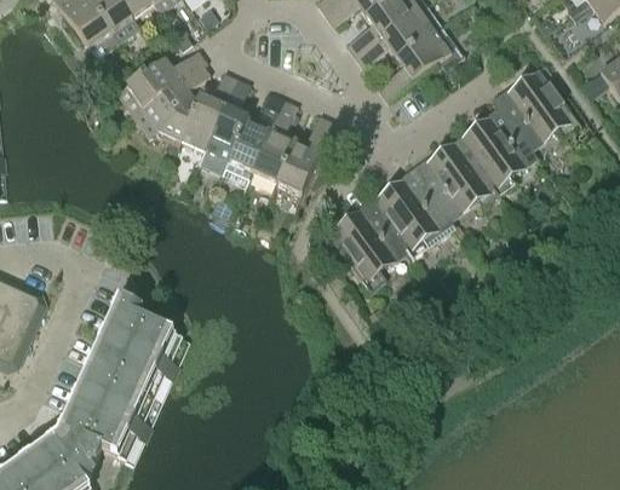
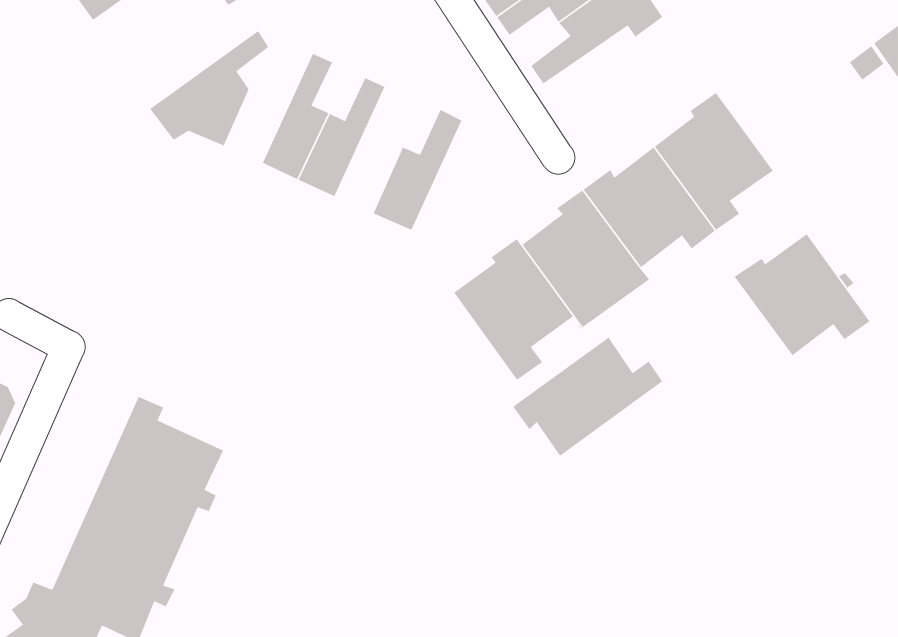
building: [115,48,206,114] -> none
building: [490,67,579,154] -> [734,233,871,368]
building: [179,71,236,149] -> none
building: [251,99,297,181] -> none
building: none -> [512,336,663,457]

